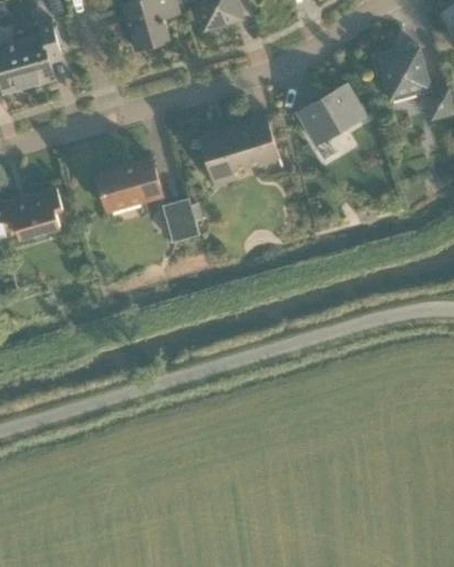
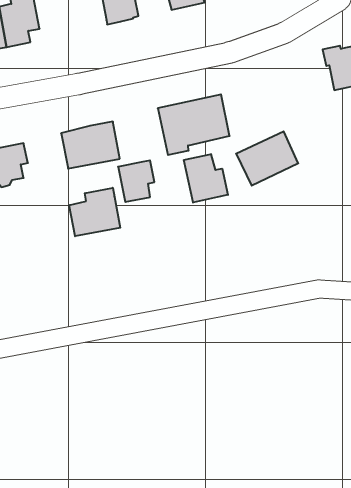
building: [296,83,364,145] -> [236,131,298,186]
building: none -> [184,154,228,203]
building: none -> [69,188,120,236]

